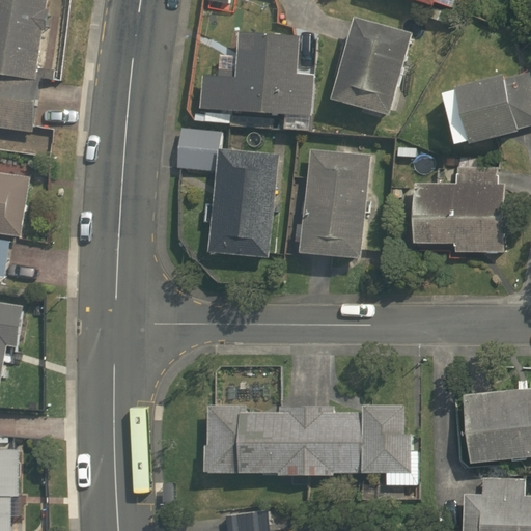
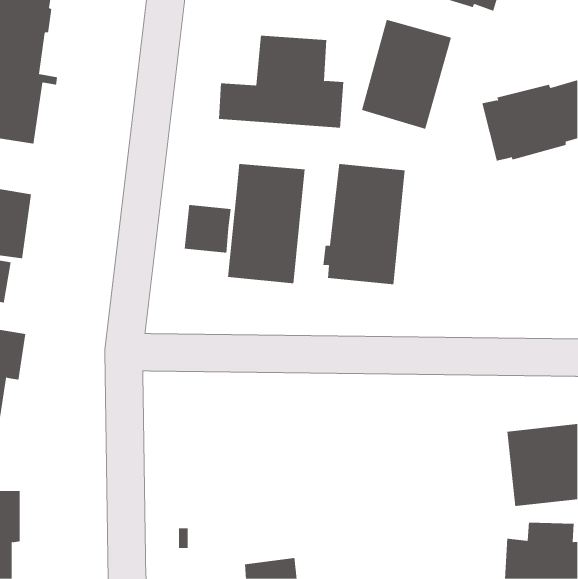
building: [176,128,220,172] -> [184,204,232,253]
building: [413,167,505,254] -> none
building: [203,404,419,485] -> none

